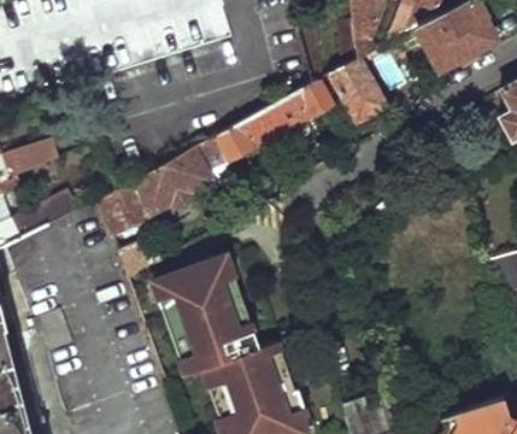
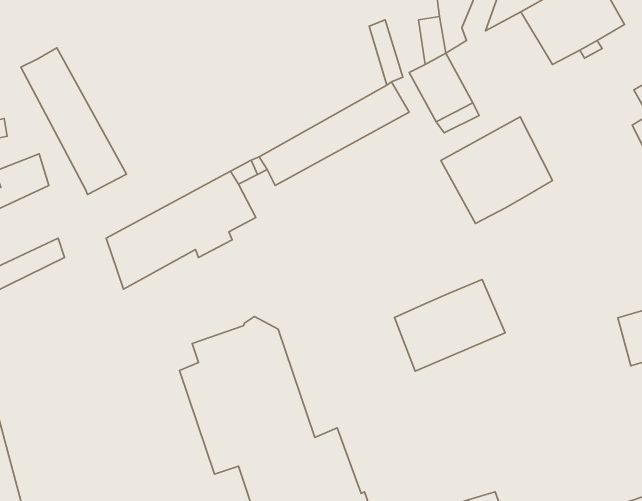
building: none -> [21,48,126,194]
building: none -> [441,117,553,223]
building: none -> [395,280,505,371]

